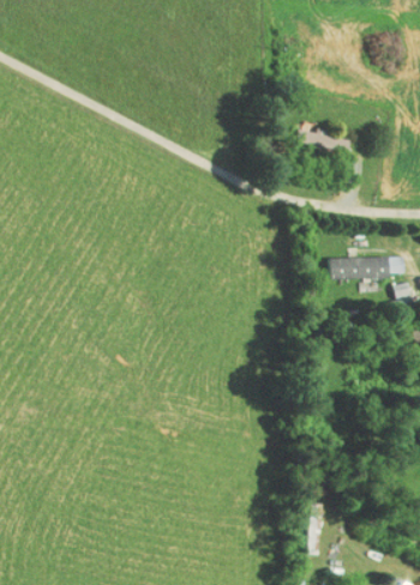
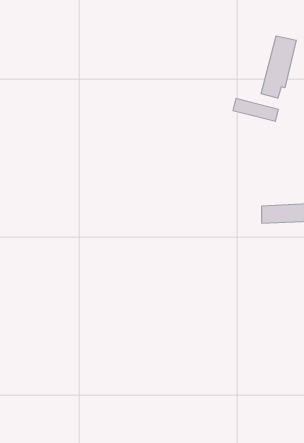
building: none -> [261,36,296,98]

